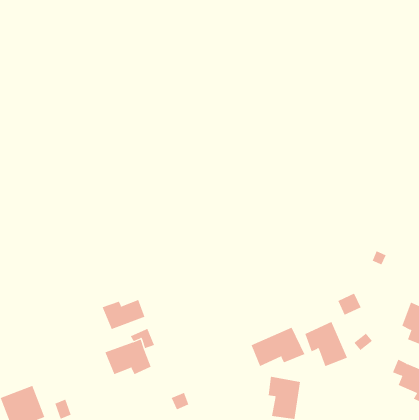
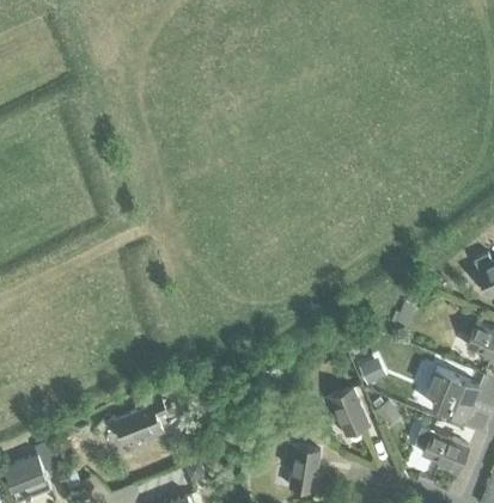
building: [102,299,145,330] -> none
building: [251,327,305,367] -> none

